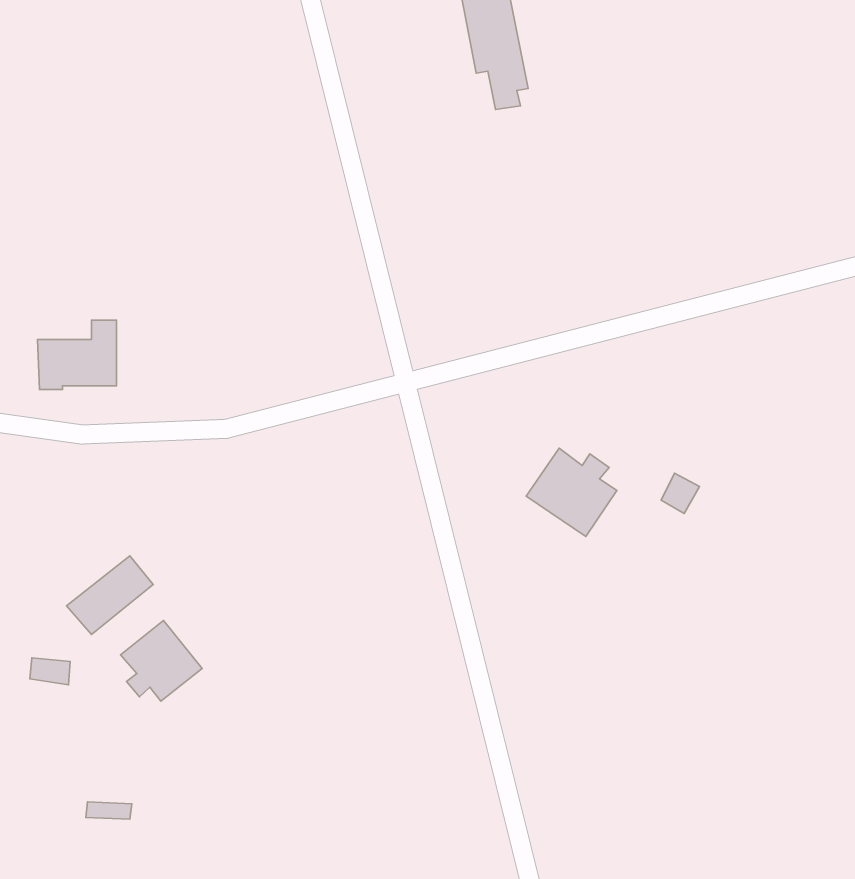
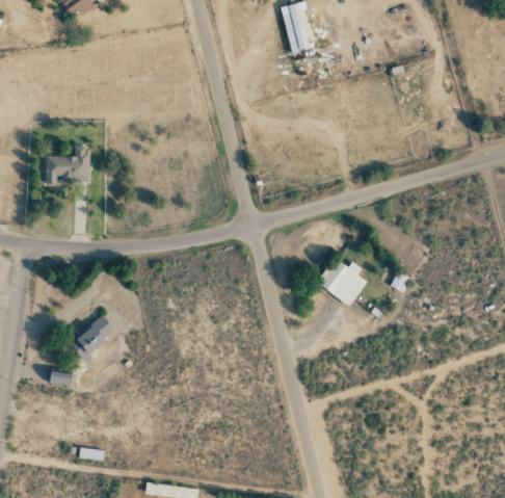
building: [38,320,116,390] -> [45,146,87,183]
building: [121,620,202,701] -> none

